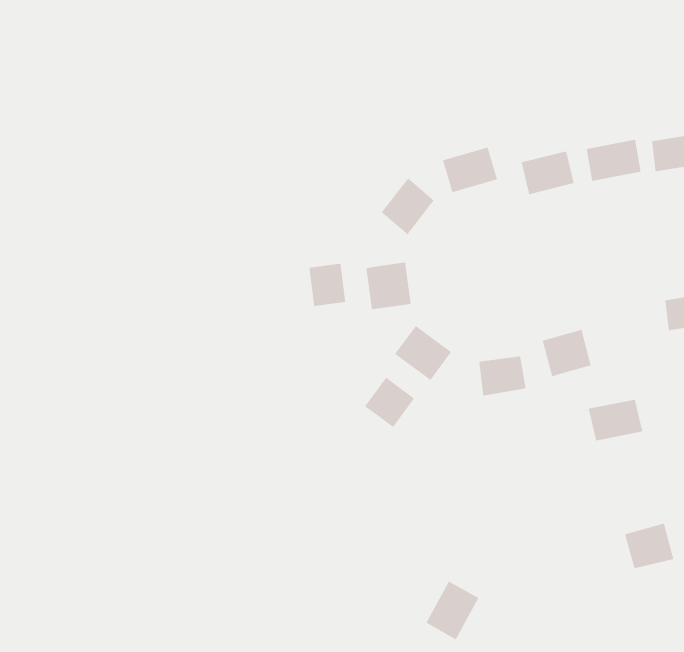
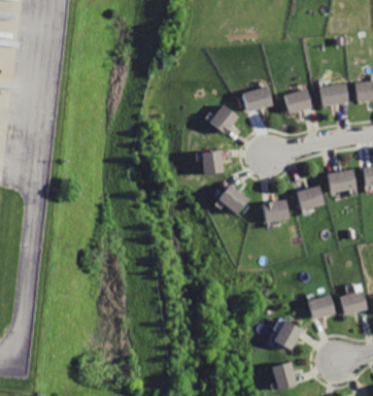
building: [309,263,346,307] -> none
building: [364,377,415,428] -> none
building: [588,399,643,441] -> [327,169,357,192]
building: none -> [306,295,334,318]
building: [425,581,479,640] -> [273,320,302,352]

